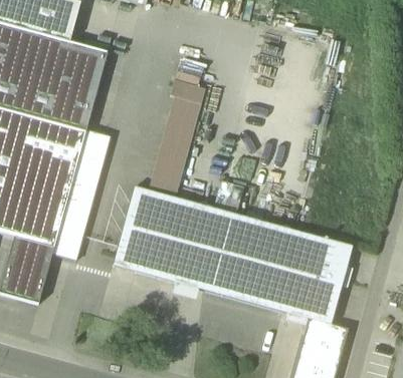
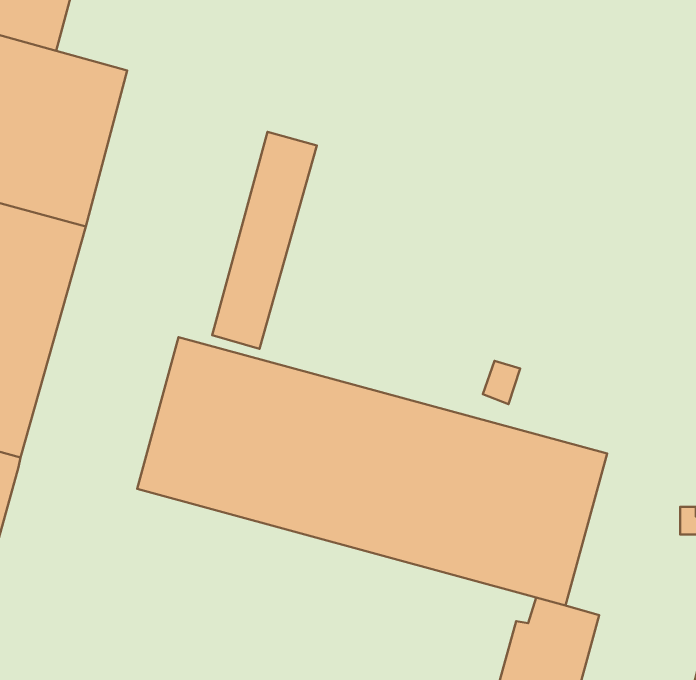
building: [51,131,109,260] -> none

